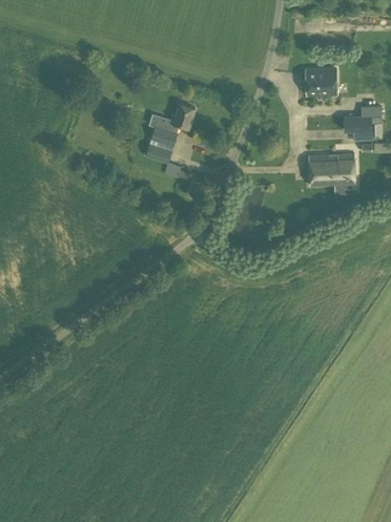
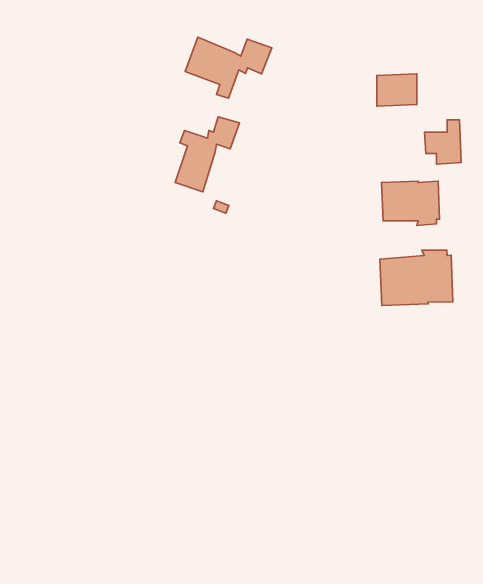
building: none -> [185,37,272,98]
building: none -> [380,250,453,306]

